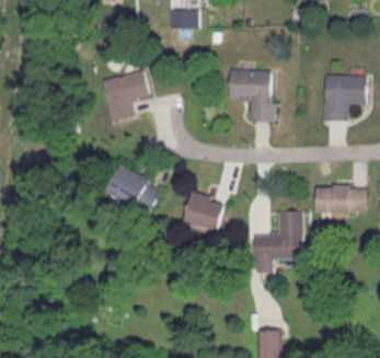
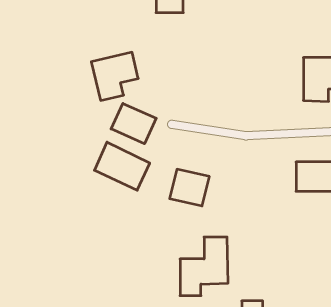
building: [229,69,276,123] -> none
building: none -> [111,103,156,144]
building: [253,211,303,273] -> [180,237,228,296]

